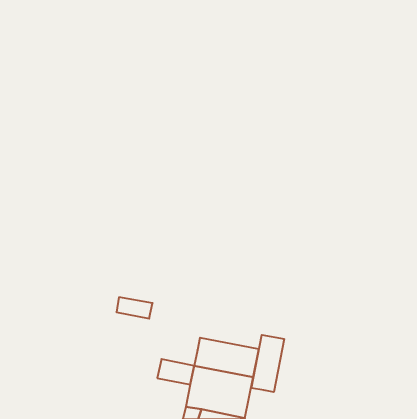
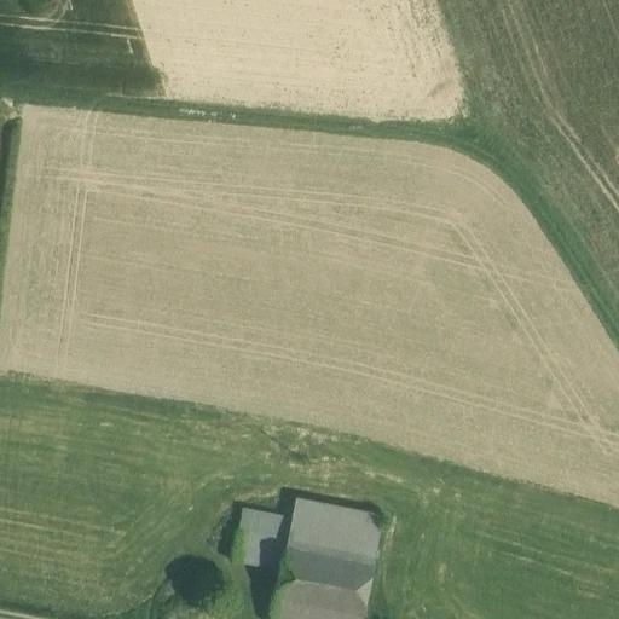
building: [116,297,153,319] -> [241,508,294,539]
building: [251,335,284,392] -> none

